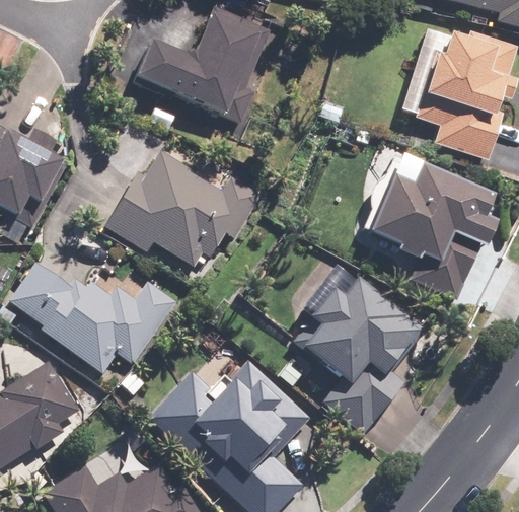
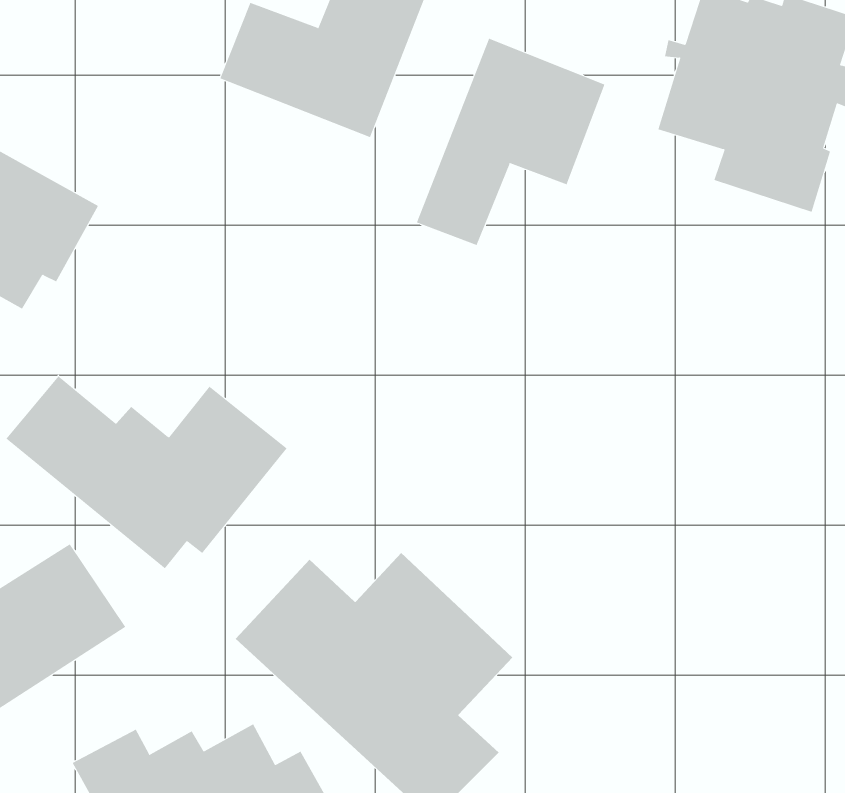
building: none -> [416,38,605,246]
building: [104,152,261,274] -> none
building: [372,161,501,301] -> none
building: [294,261,424,435] -> none

